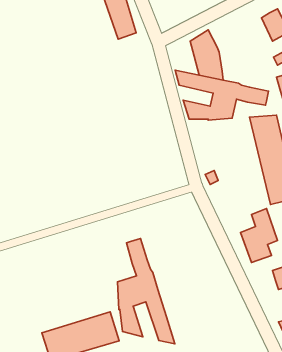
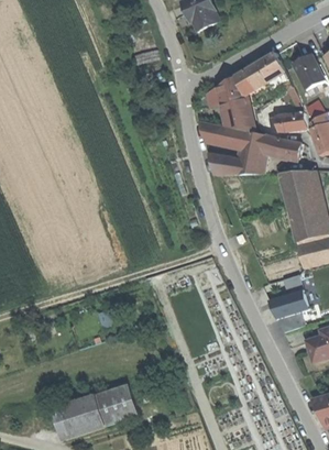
building: none -> [235,52,289,95]
building: none -> [270,112,308,131]
building: [118,238,175,344] -> none

